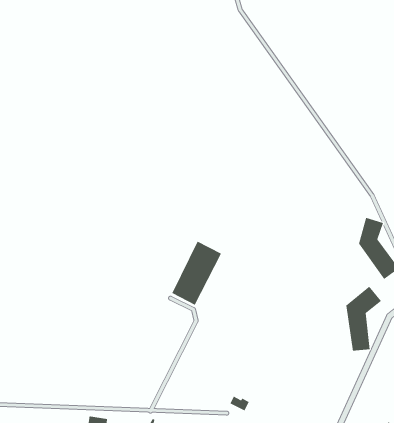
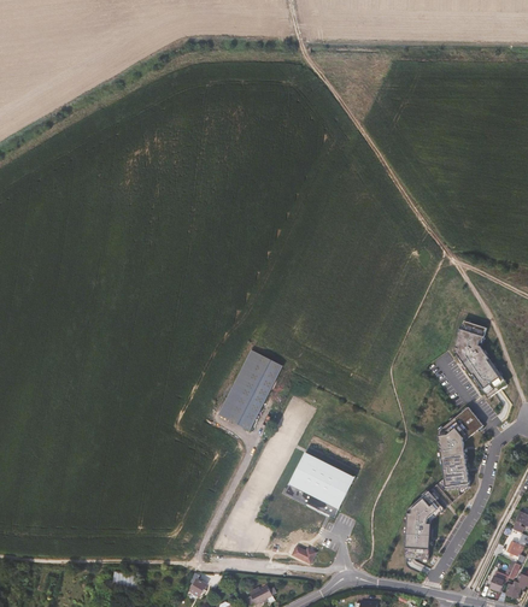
building: none -> [288,452,358,519]
building: none -> [406,489,445,558]

